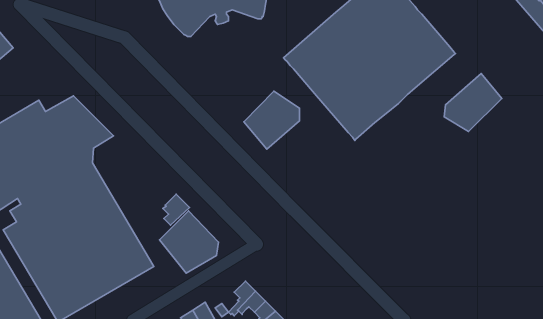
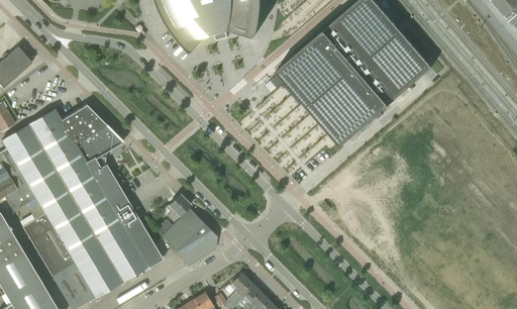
building: [444,74,502,131] -> none
building: [244,91,300,149] -> none

